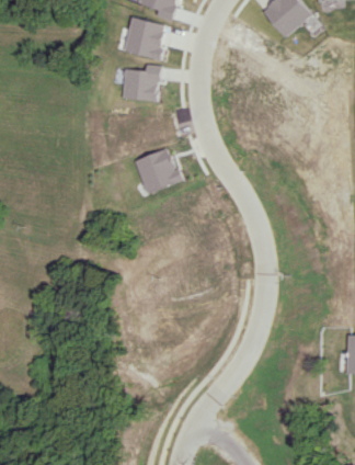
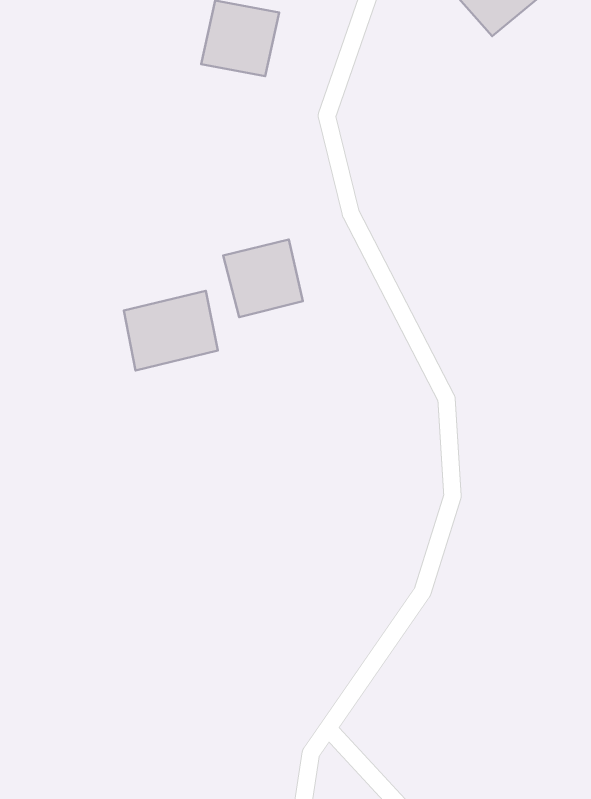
building: [123,65,159,101] -> none
building: none -> [124,291,218,370]

